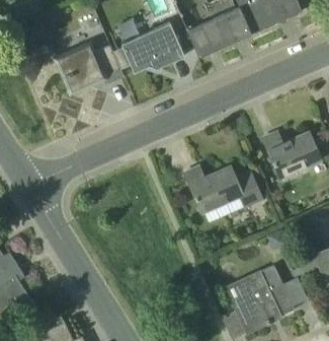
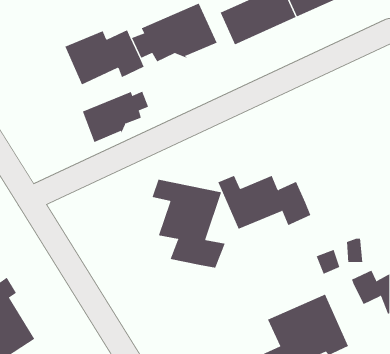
building: none -> [82,91,149,143]
building: [262,131,320,177] -> none
building: none -> [152,179,225,269]

